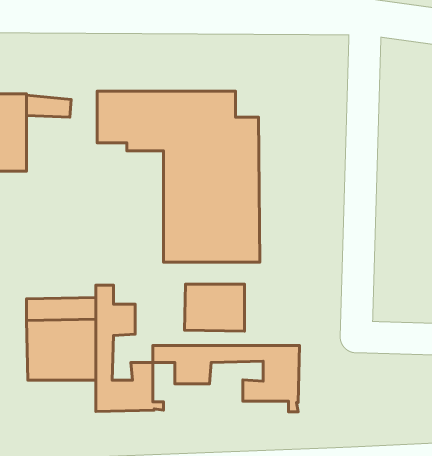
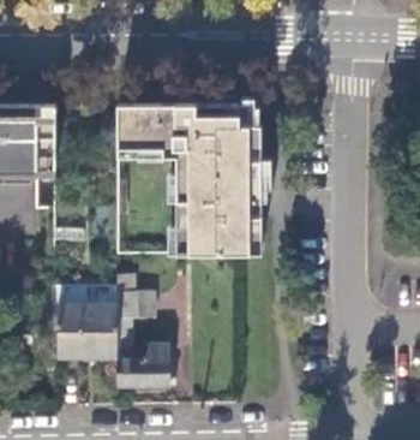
building: [184,284,244,331] -> none
building: [153,345,300,412] -> none

